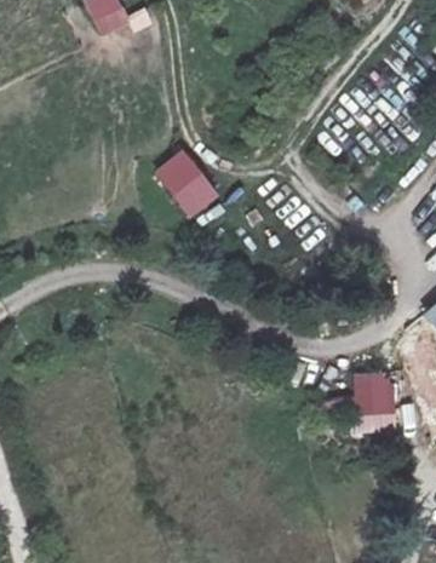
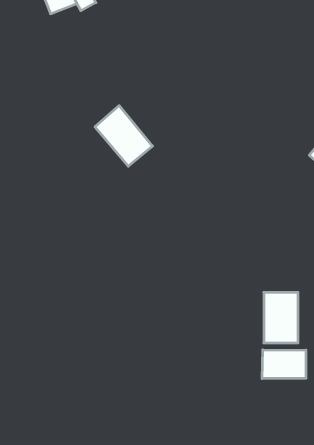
building: none -> [262,350,306,379]

